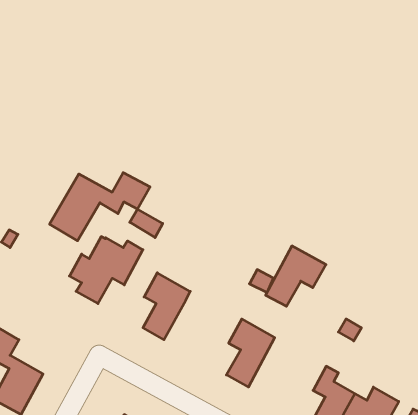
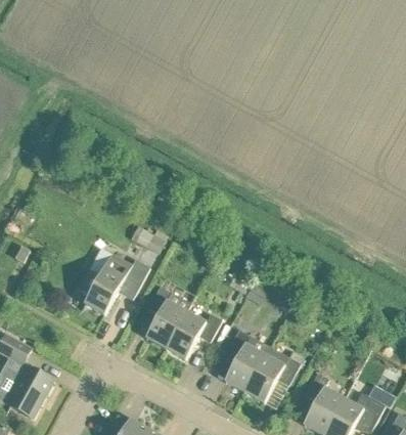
building: [50,173,150,241] -> none
building: [266,246,326,306] -> [244,346,301,402]
building: none -> [166,311,222,359]

